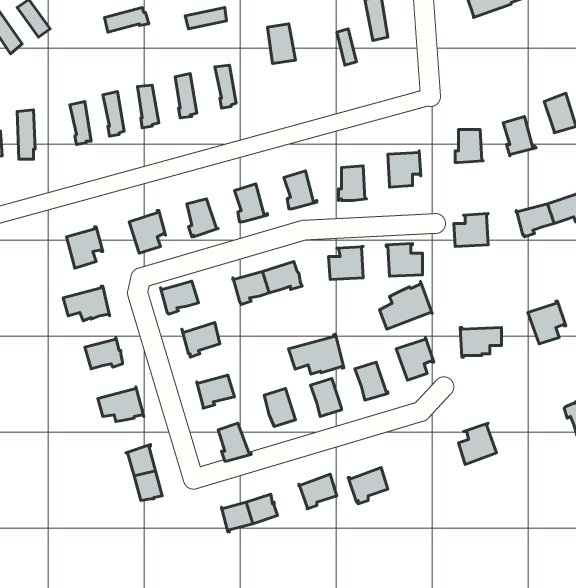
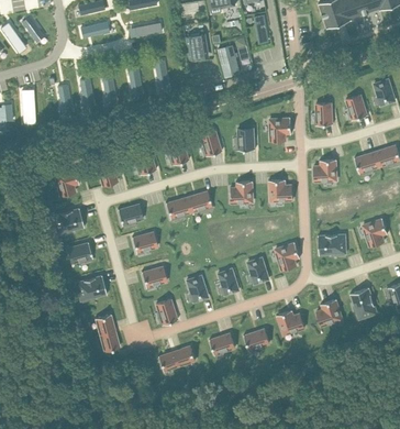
building: none -> [215,44,240,77]
building: [380,282,432,329] -> none
building: [289,334,344,374] -> none
building: none -> [349,286,377,316]
building: none -> [276,309,304,334]

